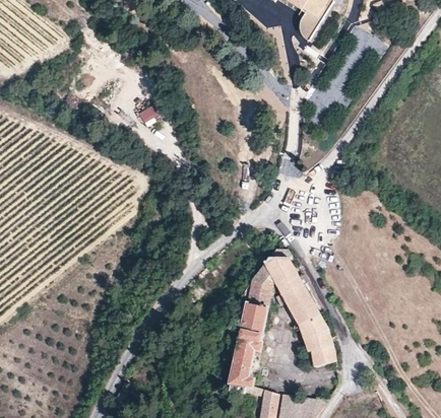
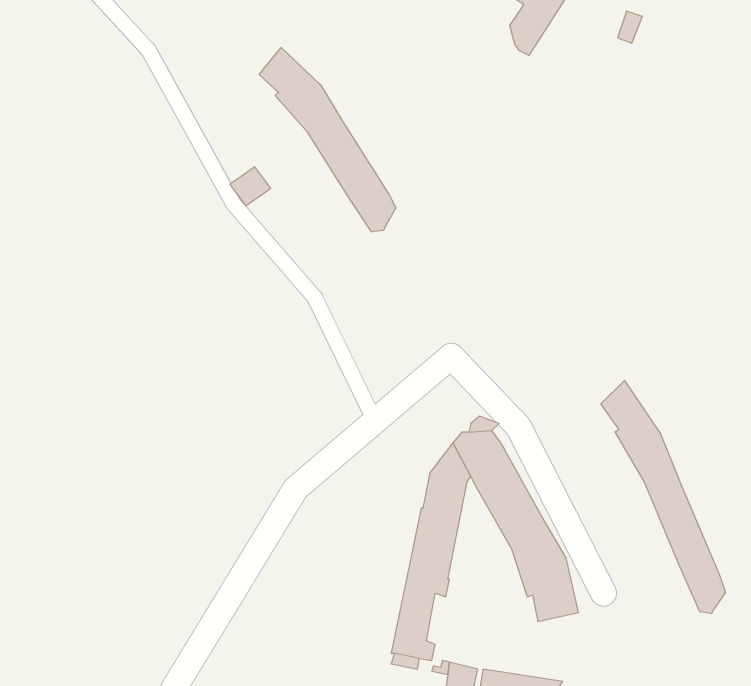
building: none -> [259,48,396,232]
building: none -> [601,380,725,614]

